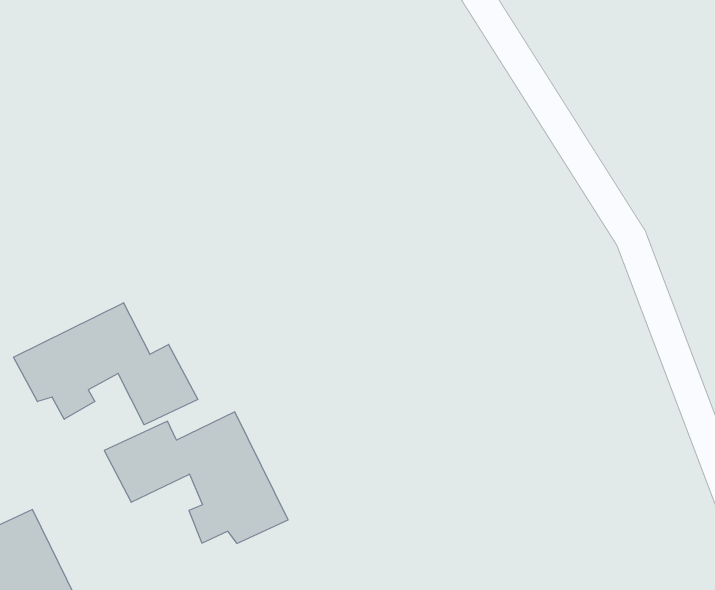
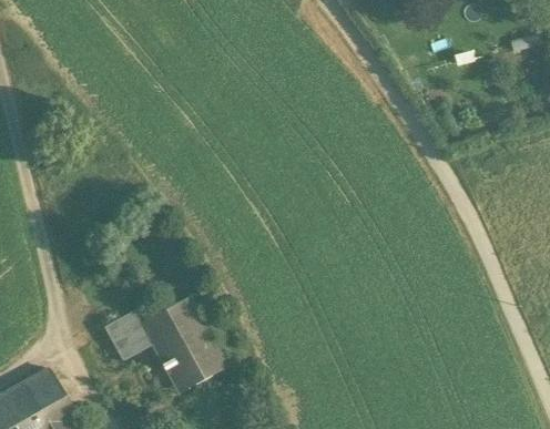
building: [14,303,198,425] -> none

